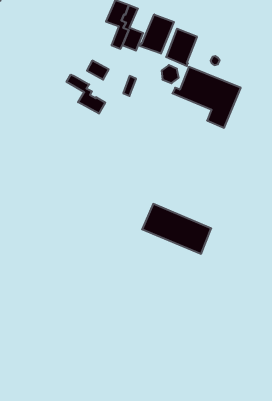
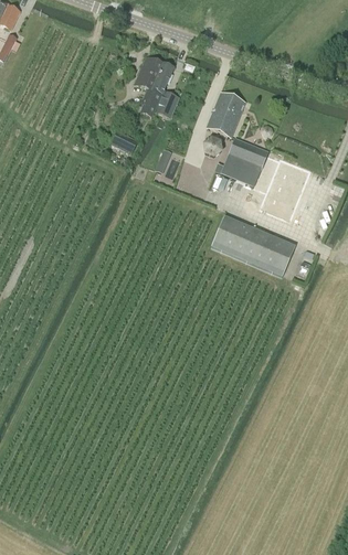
building: [140,14,174,54] -> none
building: [67,75,105,114] -> none
building: [142,204,211,254] -> [210,215,294,276]

